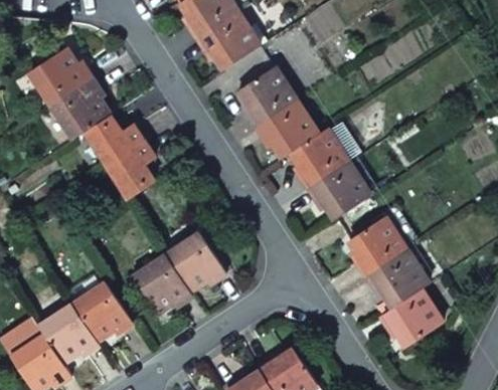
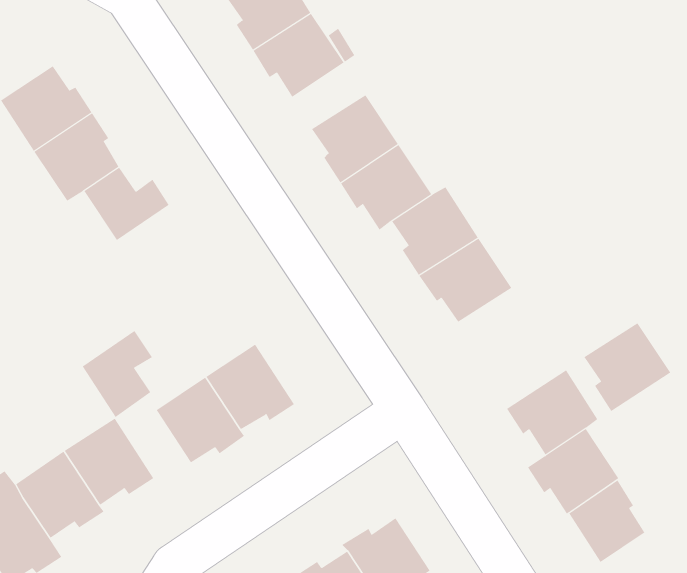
building: [108,141,155,199] -> [82,330,153,418]
building: [349,217,407,276] -> [584,323,671,412]
building: none -> [568,479,645,563]

